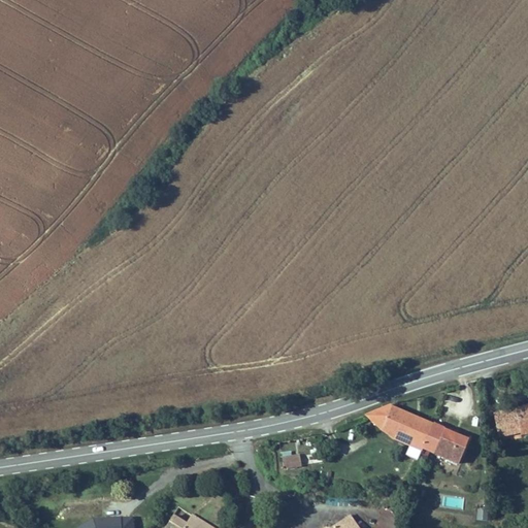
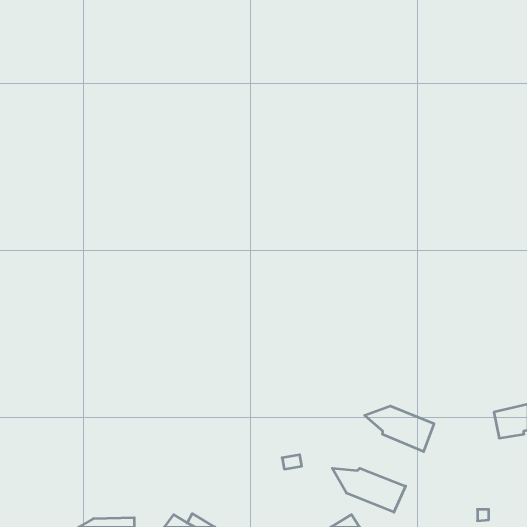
building: [424,423,470,466] -> none
building: none -> [332,468,406,512]

